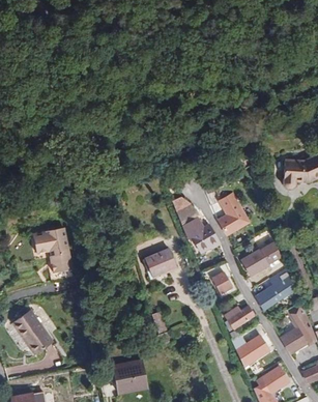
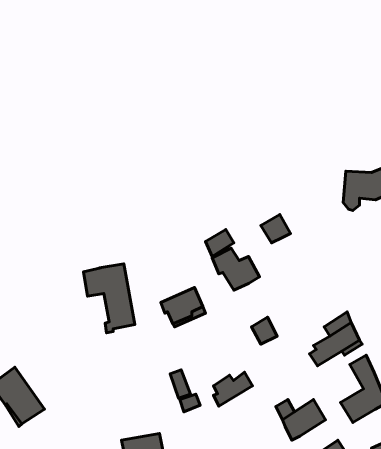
building: [219,210,245,236] -> none
building: [33,228,73,281] -> [83,264,135,333]
building: [241,242,280,275] -> none
building: [225,305,255,331] -> [213,372,253,406]

